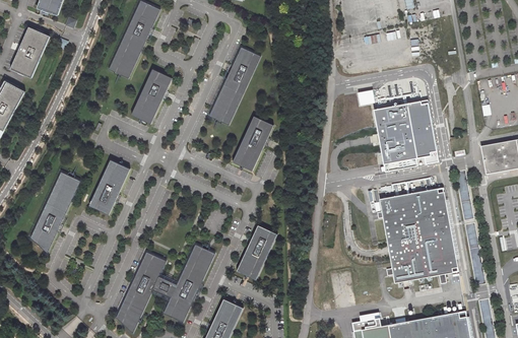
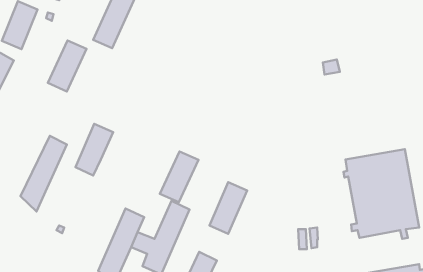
building: [208,46,260,124] -> none
building: [131,69,173,124] -> [48,40,87,91]
building: [372,100,437,172] -> none
building: [233,114,274,168] -> [160,151,199,202]

